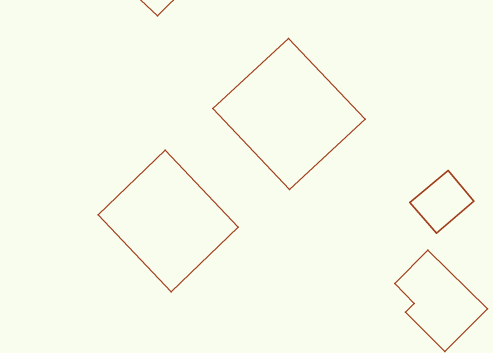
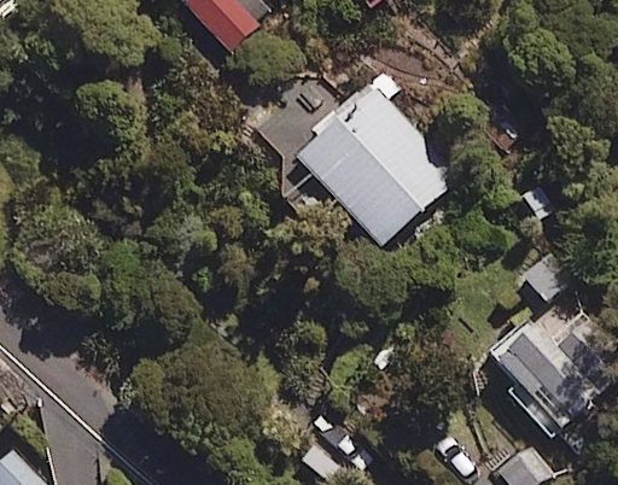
building: [98,150,238,292] -> none

